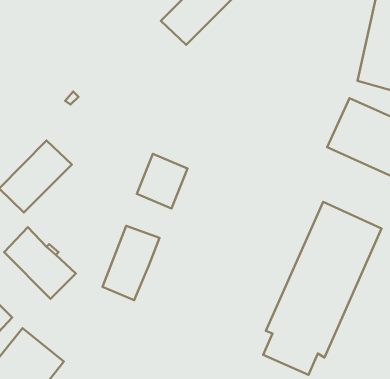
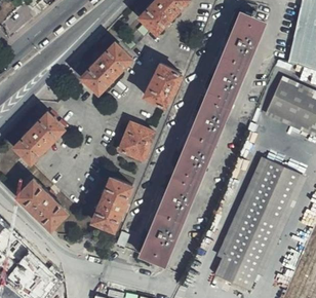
building: none -> [141,6,266,265]
building: none -> [79,40,134,97]
building: none -> [142,62,184,110]

